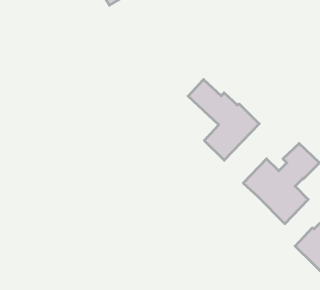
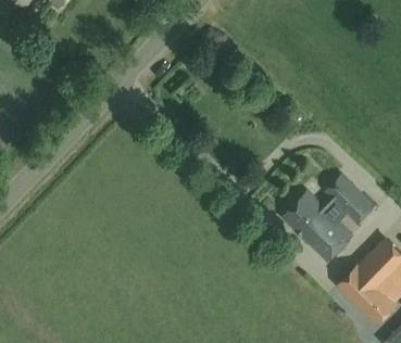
building: [188,79,259,160] -> none

